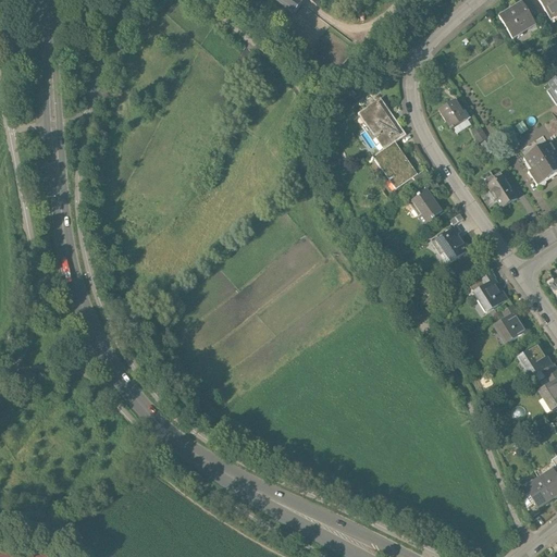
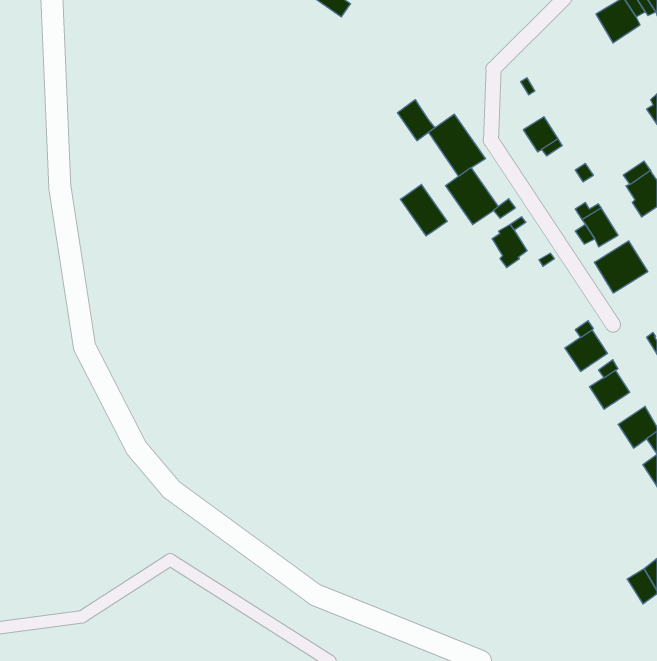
building: none -> [397,100,435,141]
building: none -> [400,184,447,236]
building: none -> [594,241,648,293]
building: [433,224,470,260] -> none

